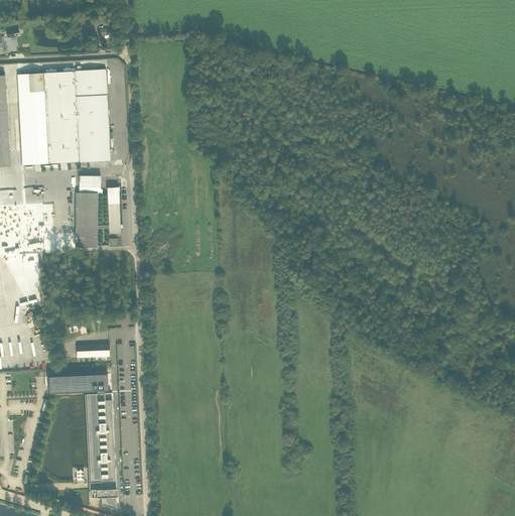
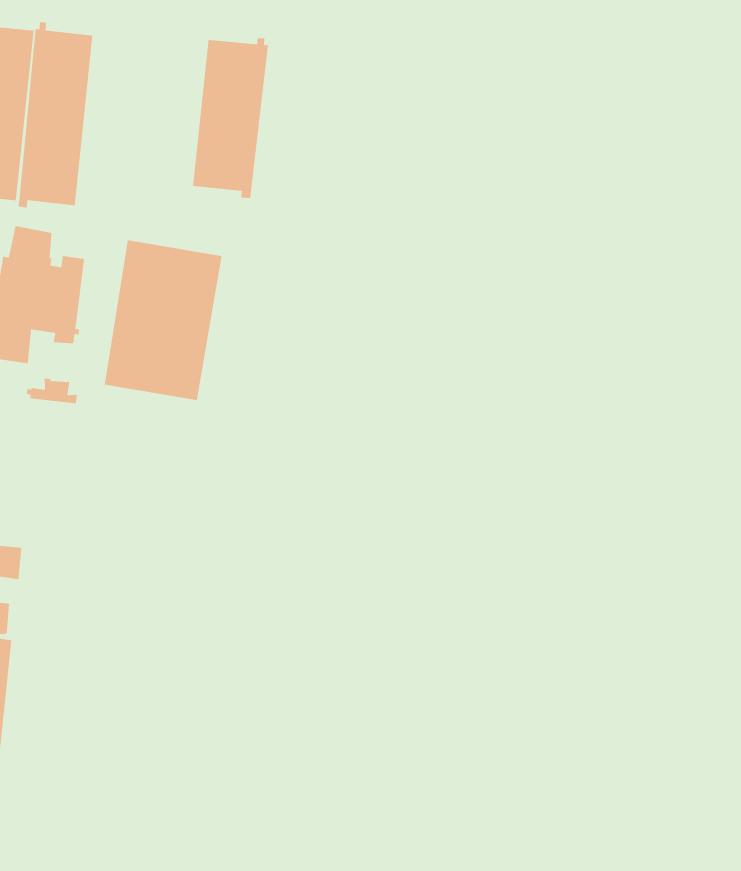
building: none -> [193,37,269,199]
building: none -> [104,239,222,401]

